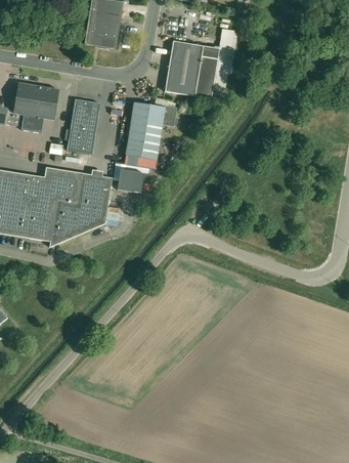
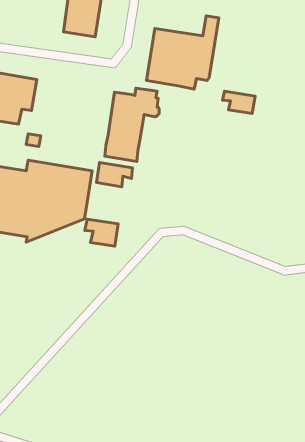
building: [66,98,99,154] -> none
building: none -> [222,91,255,114]
building: none -> [85,219,118,246]

